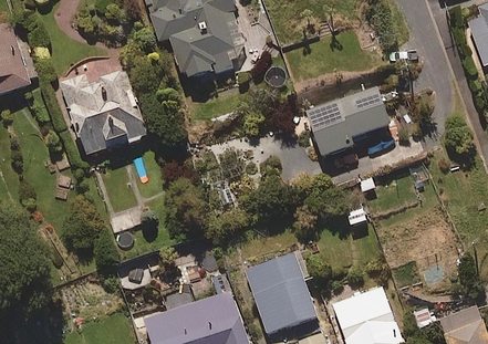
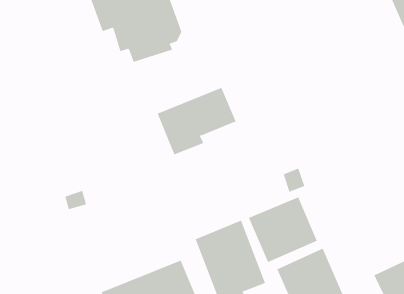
building: [61,71,148,156] -> none
building: [307,86,391,156] -> [157,87,236,155]
building: none -> [248,197,317,263]

